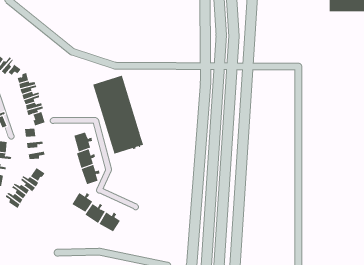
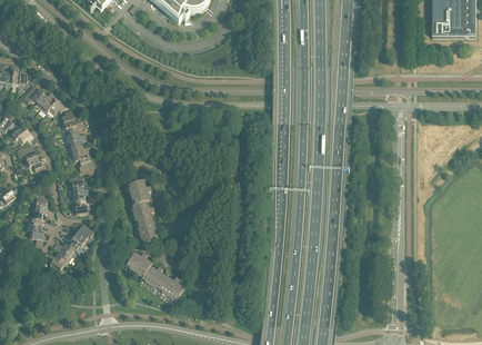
building: [92,75,144,154] -> none

